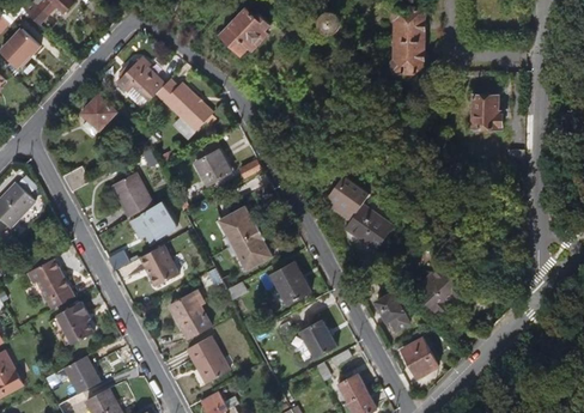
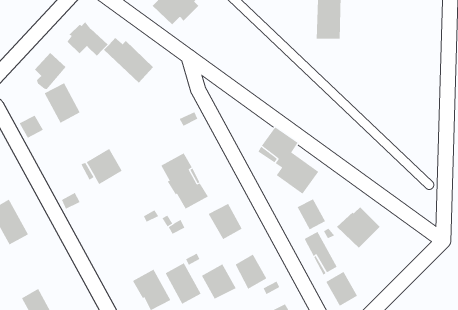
building: [467,101,497,135] -> none
building: [195,147,231,183] -> none
building: [111,170,152,215] -> [44,82,81,123]
building: [140,242,180,284] -> none
building: none -> [297,198,326,230]
building: [170,291,211,338] -> [165,263,201,305]
building: [56,300,93,342] -> none
building: none -> [201,264,237,300]

